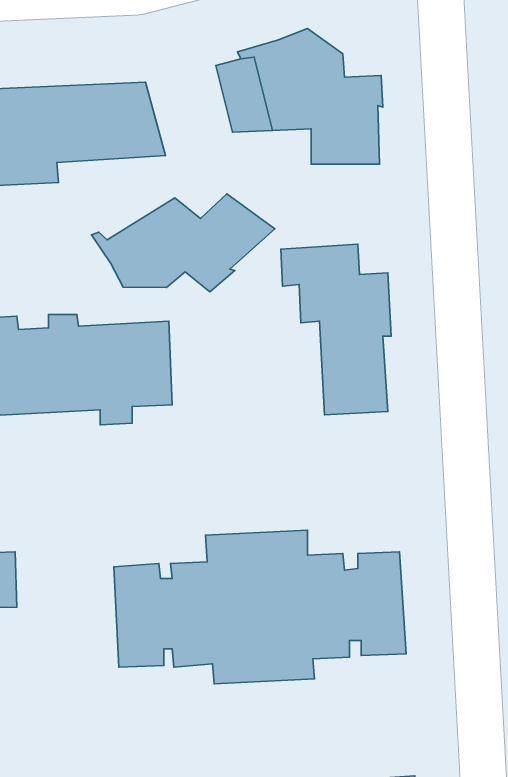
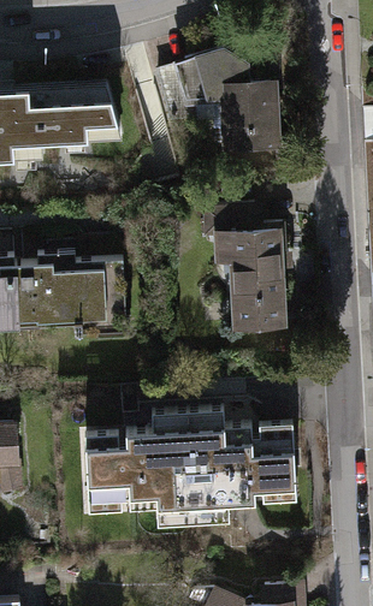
building: [92,194,275,292] -> none

